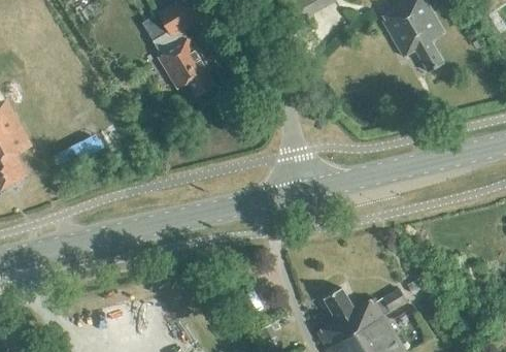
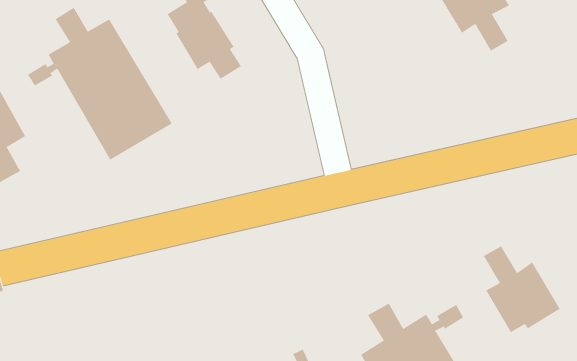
building: none -> [27,7,172,160]
building: none -> [483,245,561,333]

